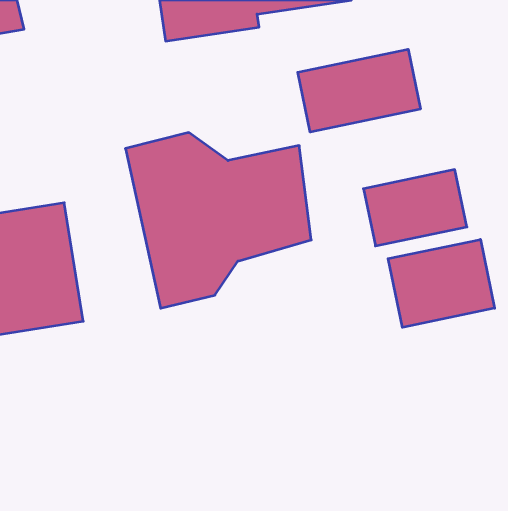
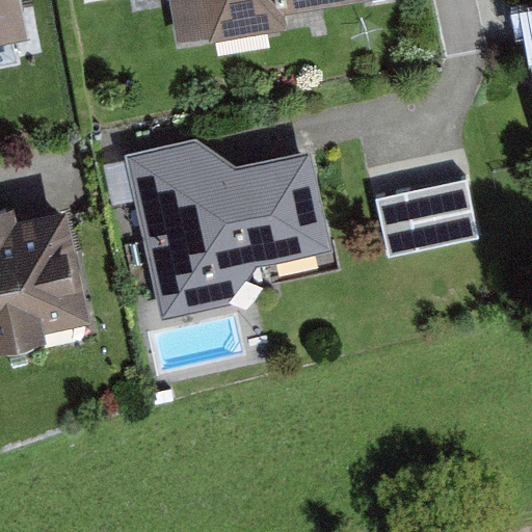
building: [298,49,420,132] -> none
building: [388,239,495,327] -> none

